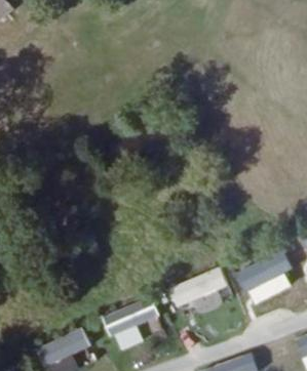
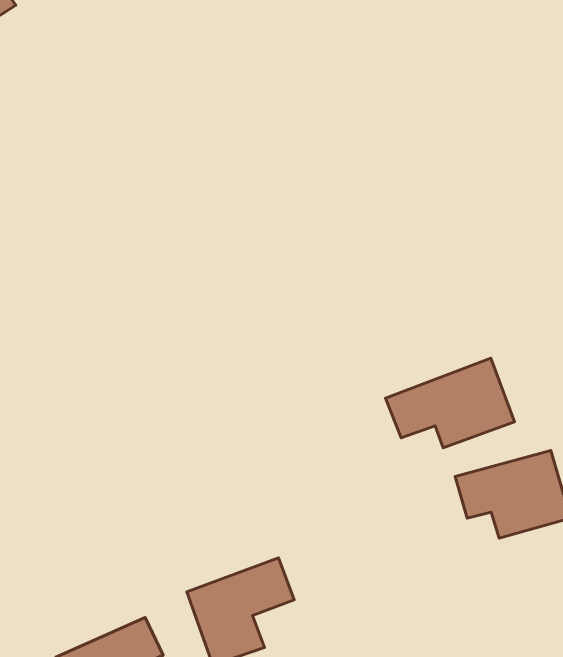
building: [166,269,233,315] -> [385,358,515,448]

